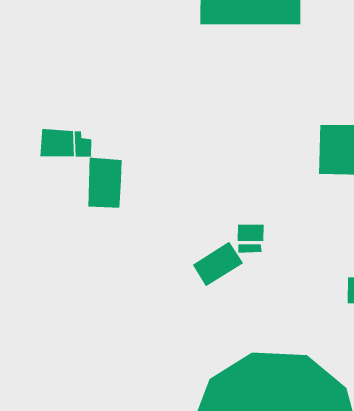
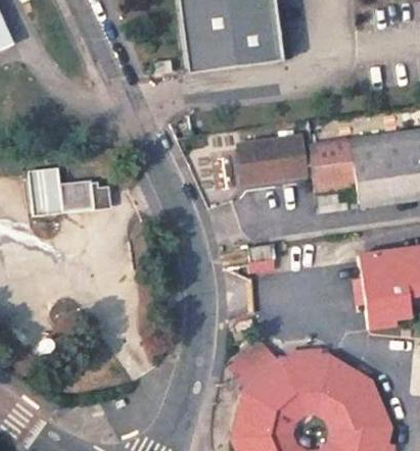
building: none -> [245,140,305,181]
building: [87,157,123,208] -> [30,167,64,214]
building: [192,241,244,287] -> [234,342,281,387]

